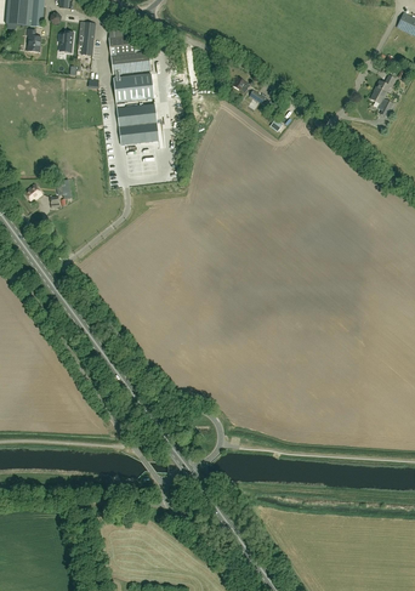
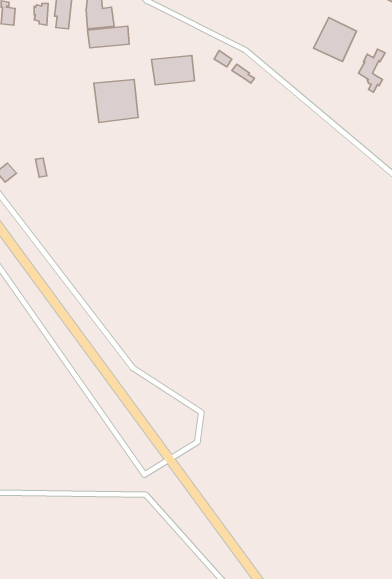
building: none -> [313,17,357,61]
building: [113,74,154,102] -> [151,56,194,85]

